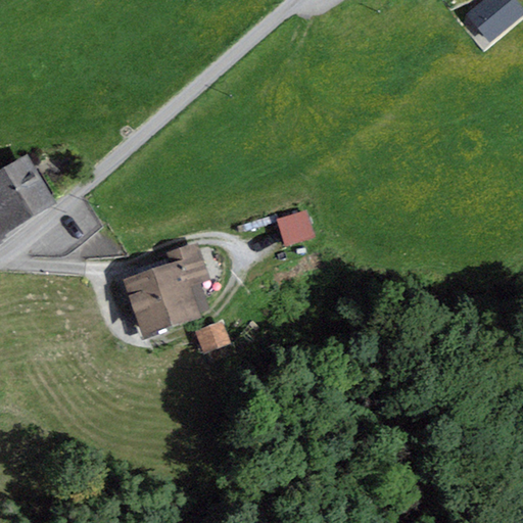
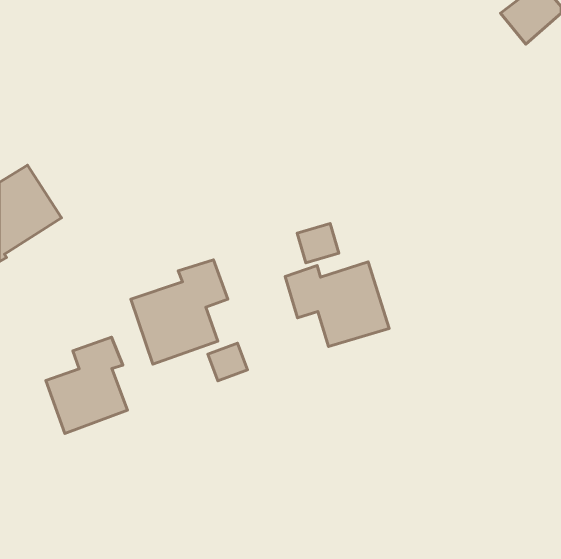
building: none -> [285,262,389,347]
building: none -> [46,337,127,433]

